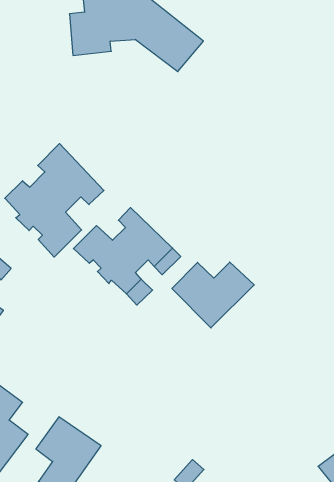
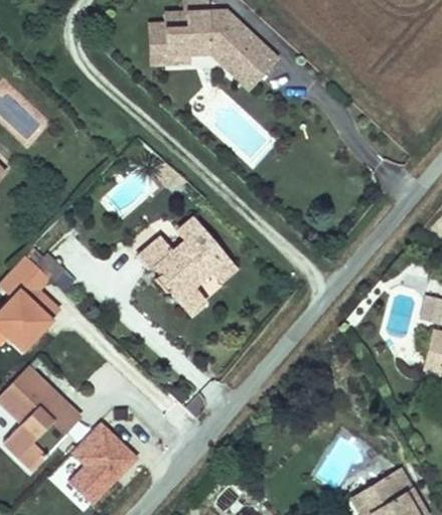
building: [5,144,104,257] -> none
building: [172,262,254,328] -> none

